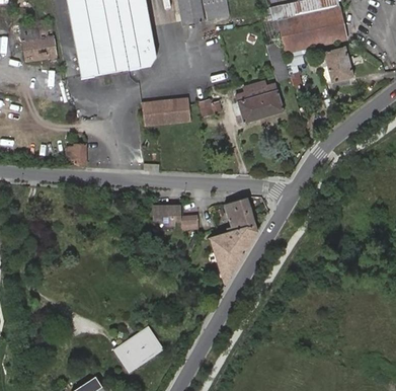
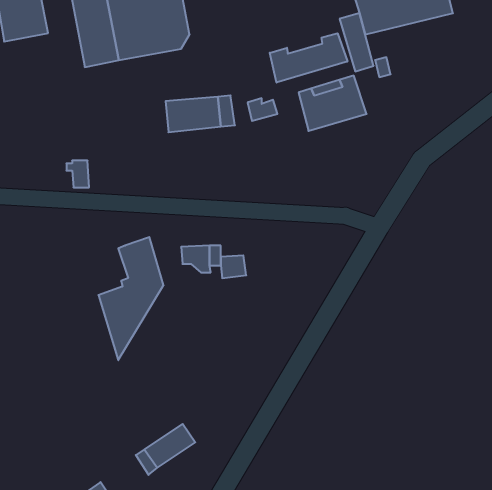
building: [323,46,353,82] -> none
building: none -> [270,33,347,83]
building: [210,197,256,285] -> [98,237,164,360]

